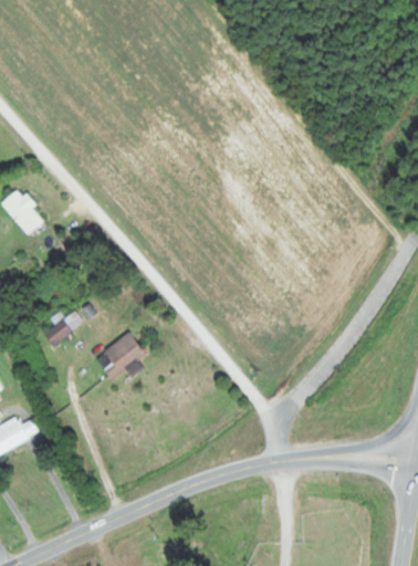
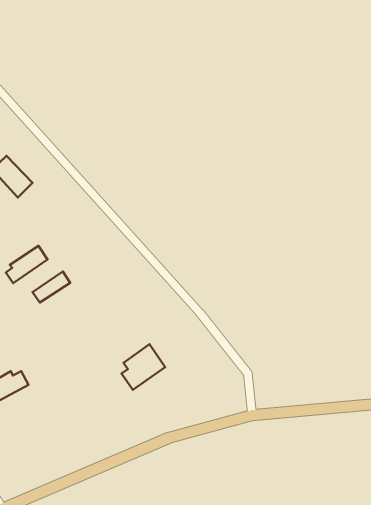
building: none -> [6,246,48,283]
building: [101,333,147,381] -> [121,344,165,390]

